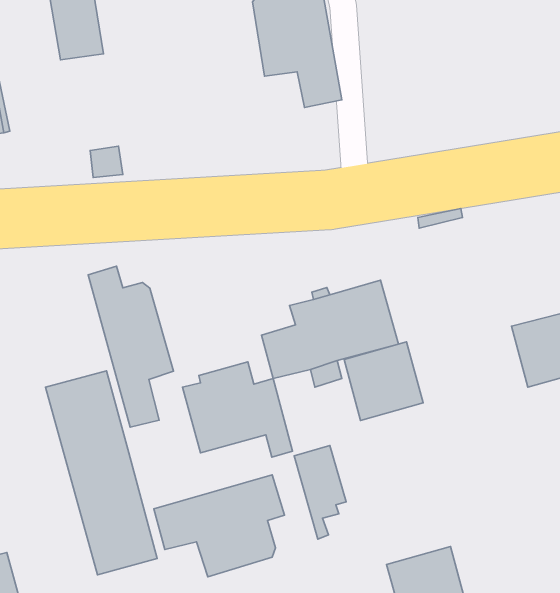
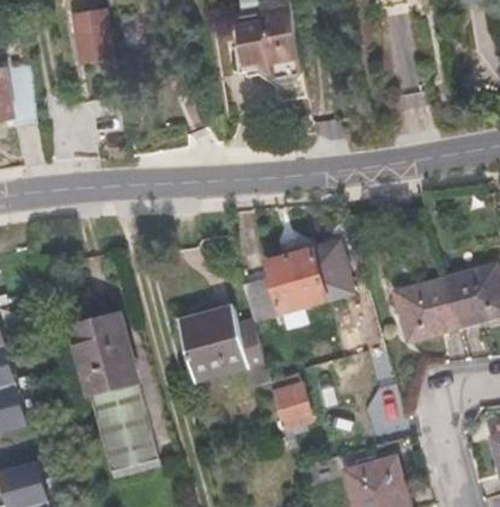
building: [88,266,174,427] -> none
building: [344,342,423,421] -> [394,277,457,341]
building: [154,475,284,577] -> none

